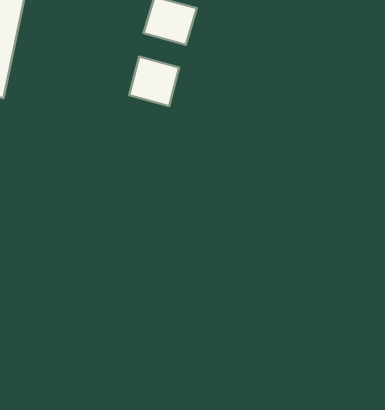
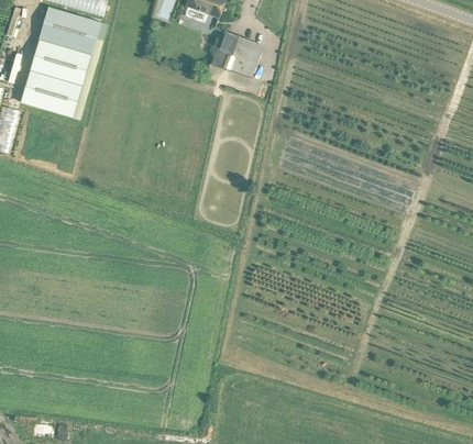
building: [129,57,179,106] -> none

